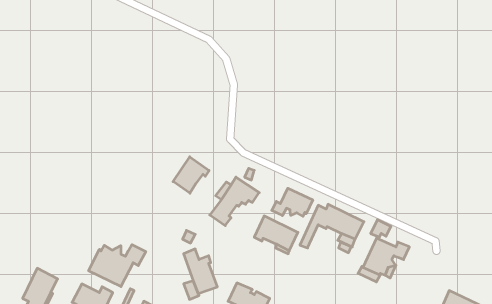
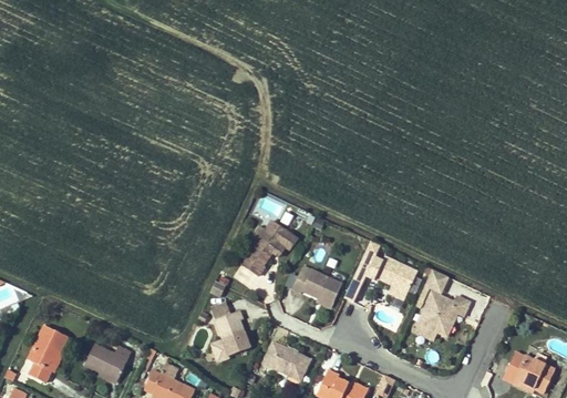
building: [173,157,209,193] -> none
building: [272,188,313,216] -> none
building: [89,245,146,287] -> none

